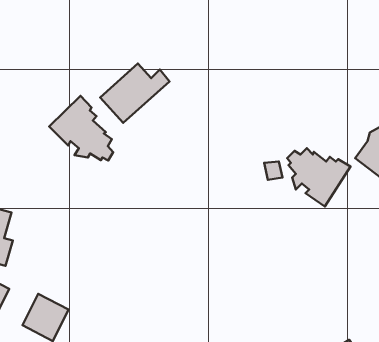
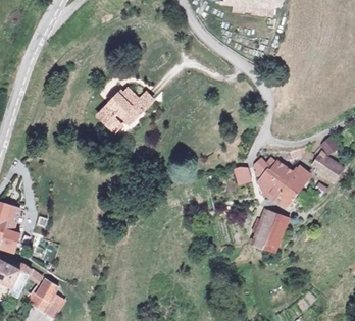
building: [49,96,113,161] -> none
building: none -> [253,207,288,253]

